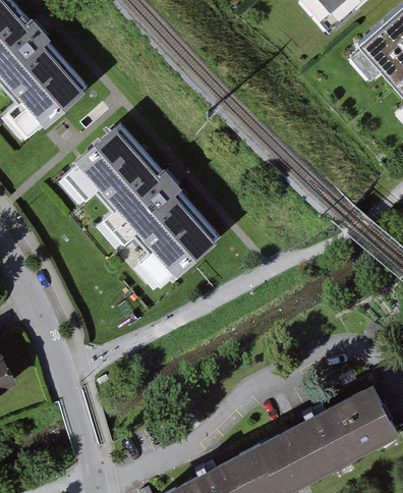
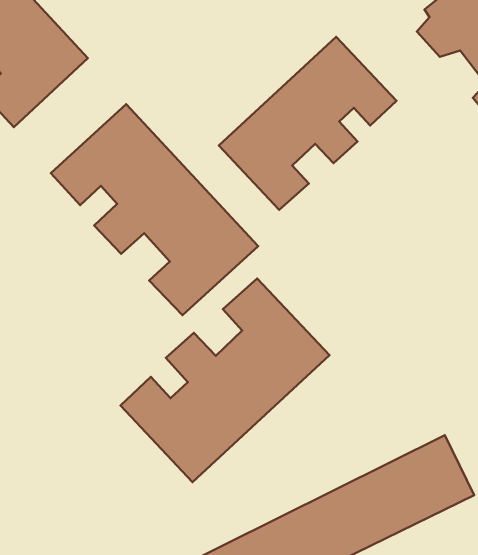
building: none -> [219,37,396,210]
building: none -> [120,279,329,482]

